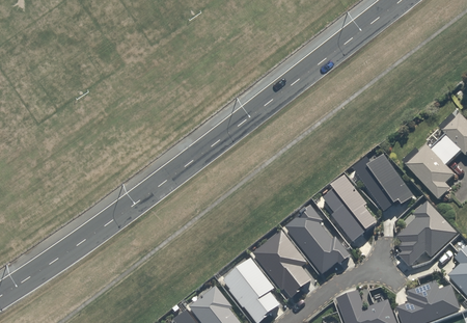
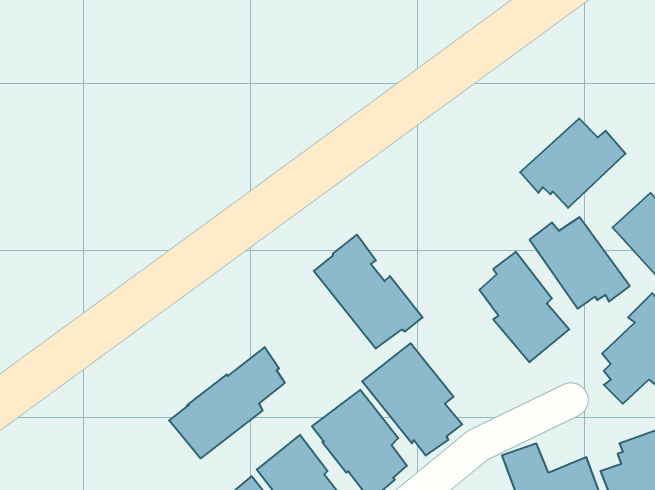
building: none -> [520,118,626,208]
building: [284,207,350,275] -> [314,235,423,349]
building: none -> [169,347,285,458]

